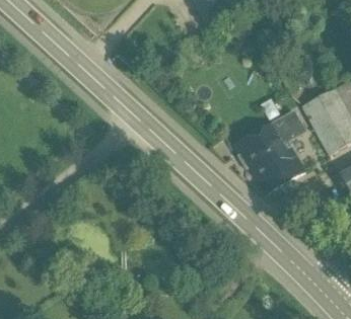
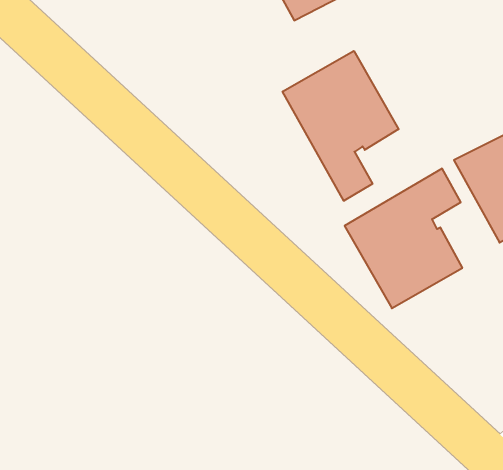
building: none -> [283,51,399,201]

